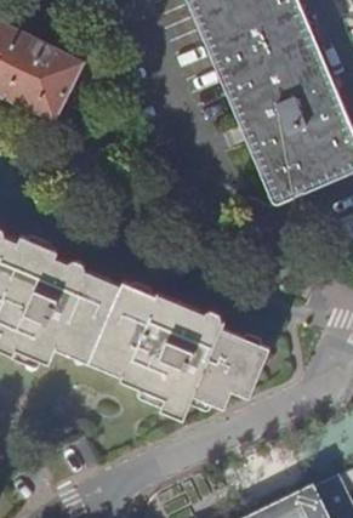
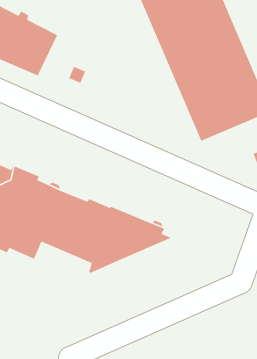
building: [125,332,269,417] -> none

